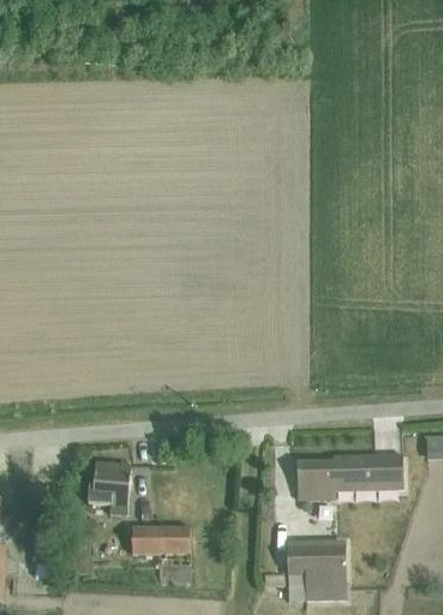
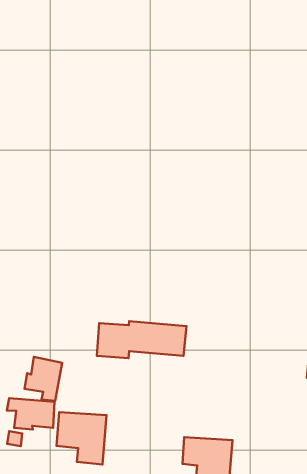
building: [297,454,402,501] -> [97,321,187,358]
building: none -> [7,398,54,430]

